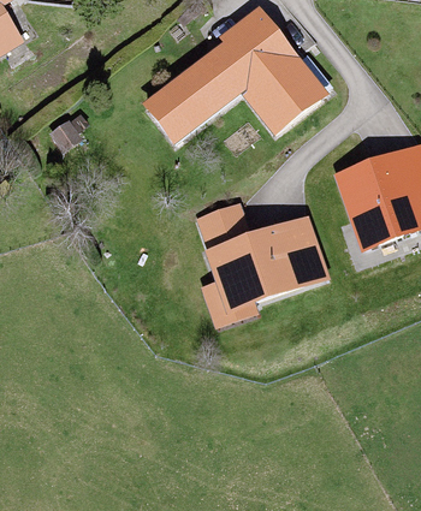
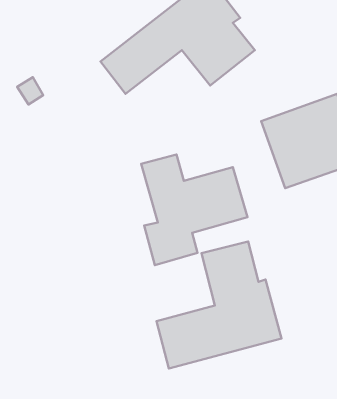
building: none -> [156,241,282,368]

